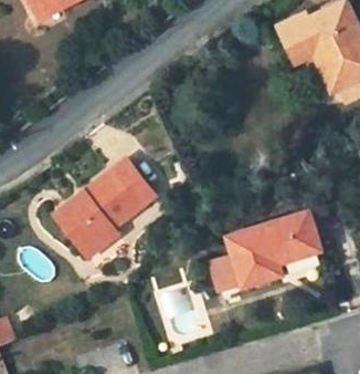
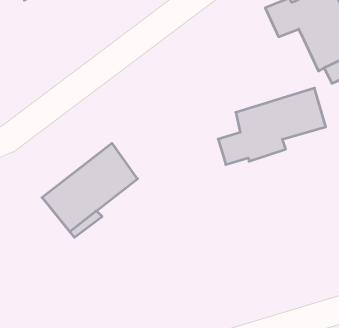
building: [212,211,319,288] -> [218,88,326,165]

